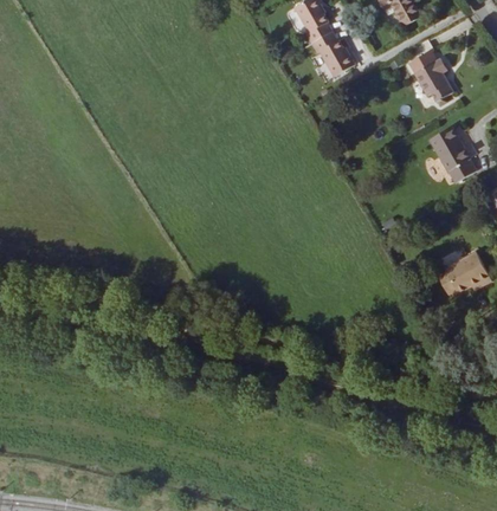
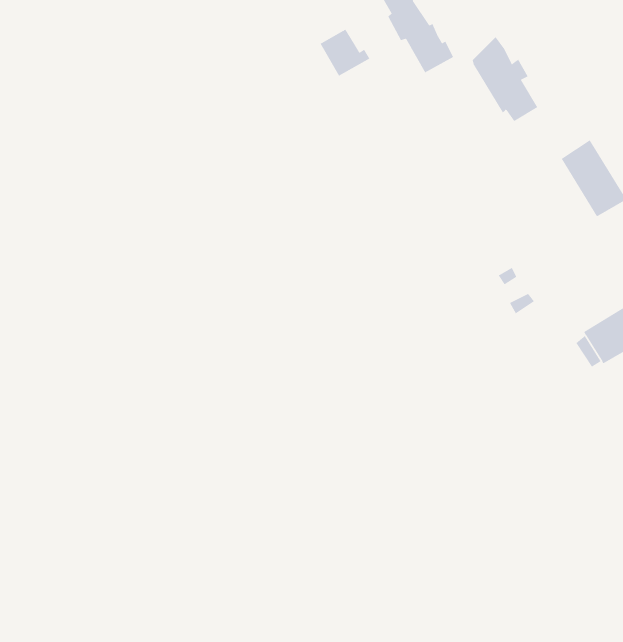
building: none -> [320,29,370,76]
building: [412,46,460,109] -> [472,36,538,122]

